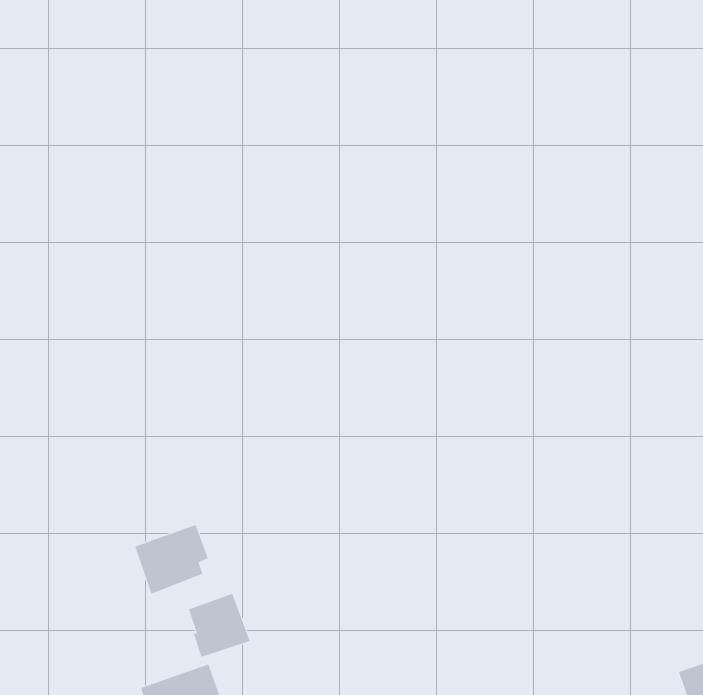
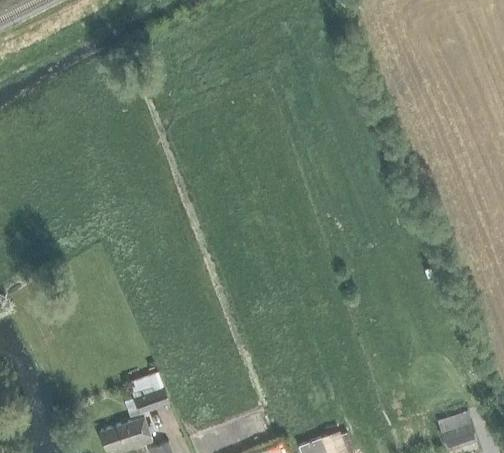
building: [134,524,209,594] -> none

